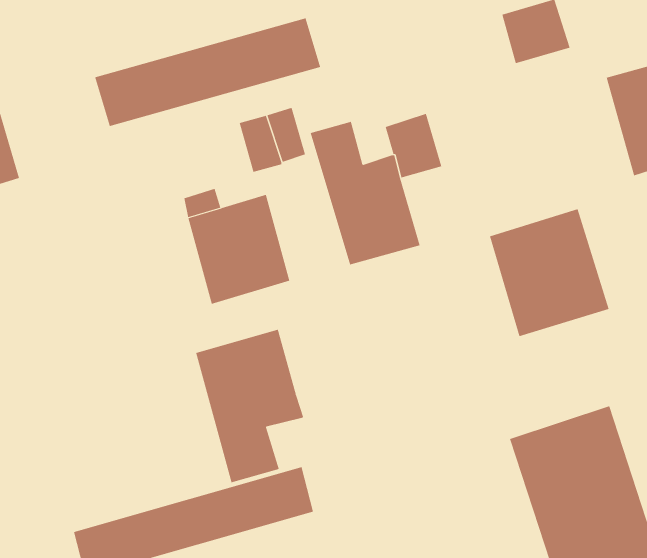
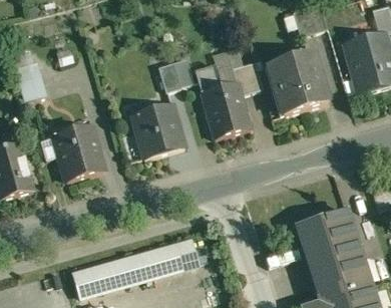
building: [95,18,321,127] -> none
building: [489,208,610,337] -> [268,50,329,115]
building: none -> [53,123,103,180]
building: [196,329,304,483] -> none

